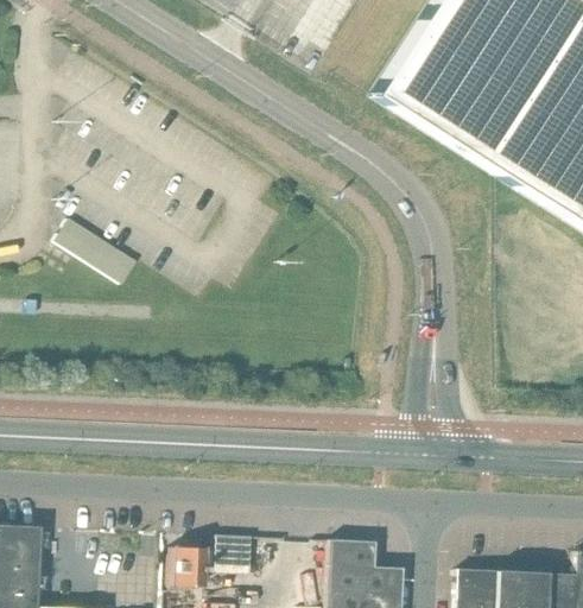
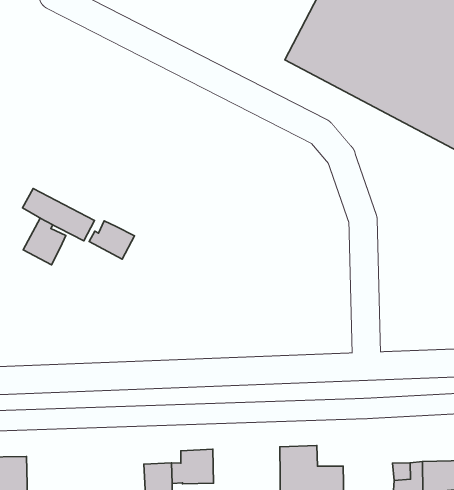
building: none -> [23,218,66,265]
building: none -> [89,221,134,259]

